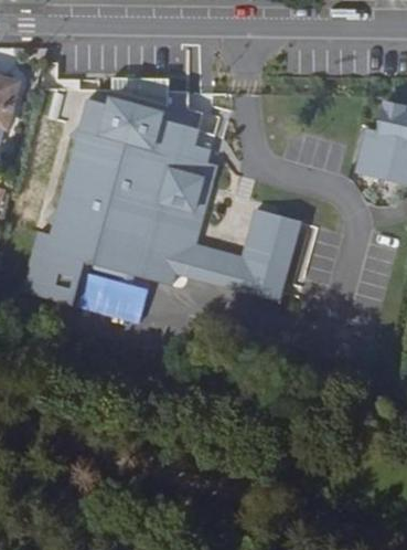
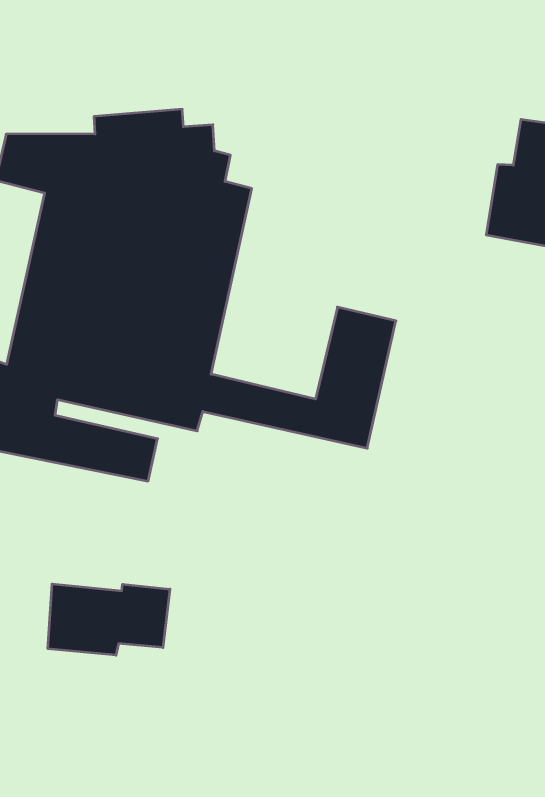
building: none -> [48,584,170,655]

